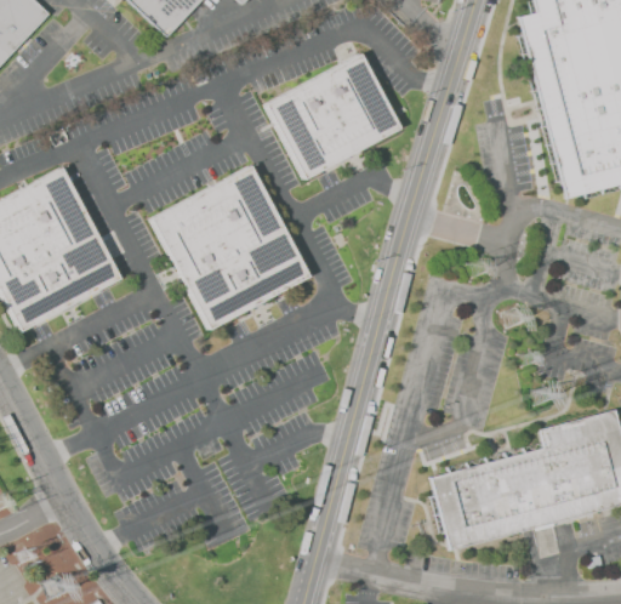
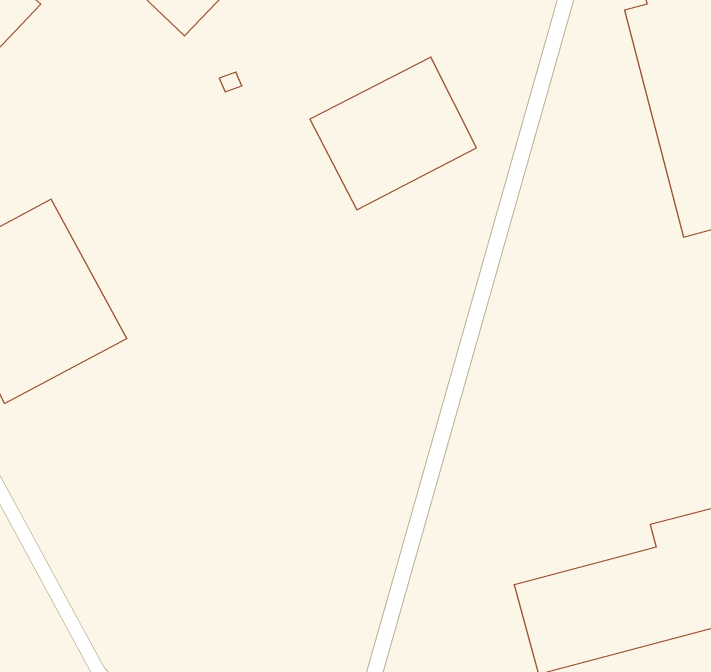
building: [148,166,307,329] -> none

